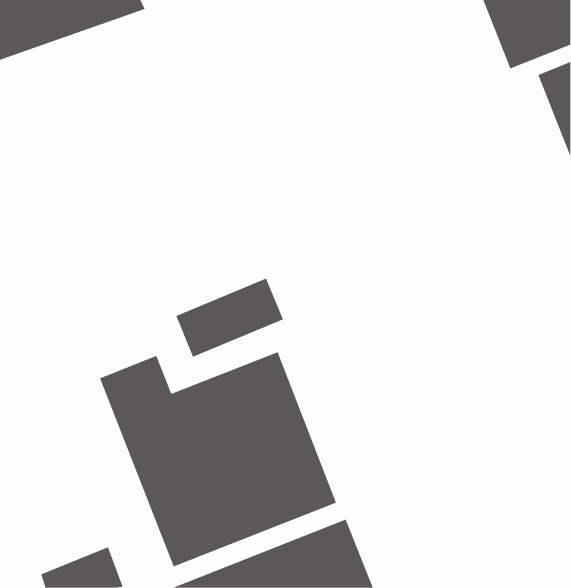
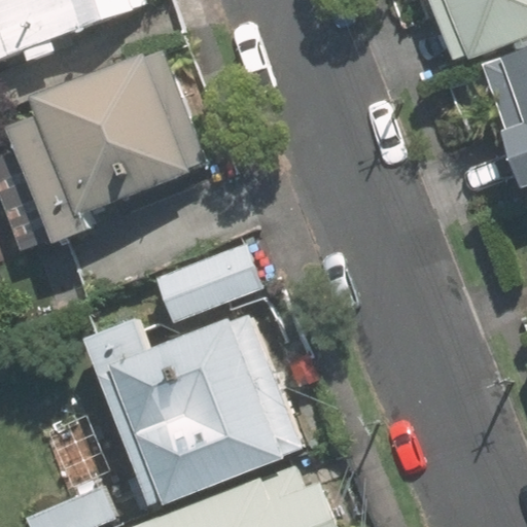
building: none -> [10,49,203,245]

